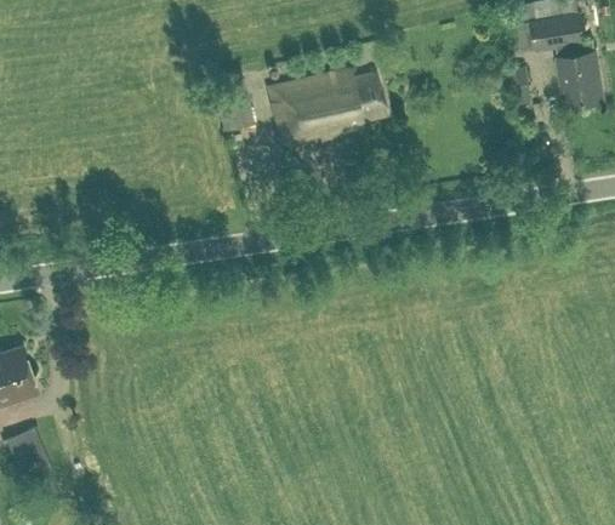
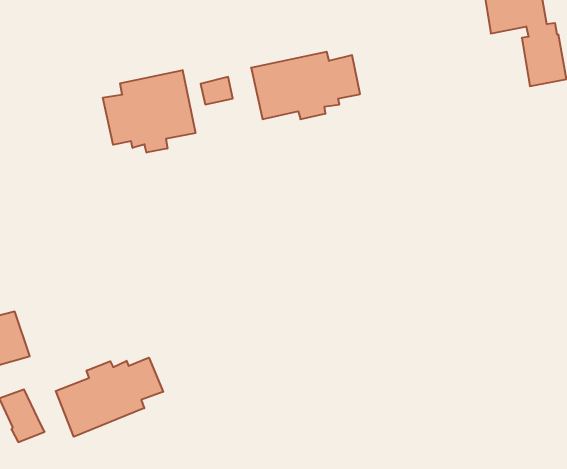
building: none -> [103,70,195,153]
building: none -> [56,358,163,437]

